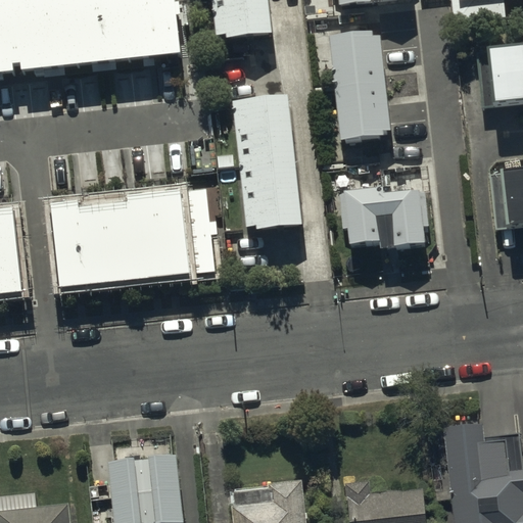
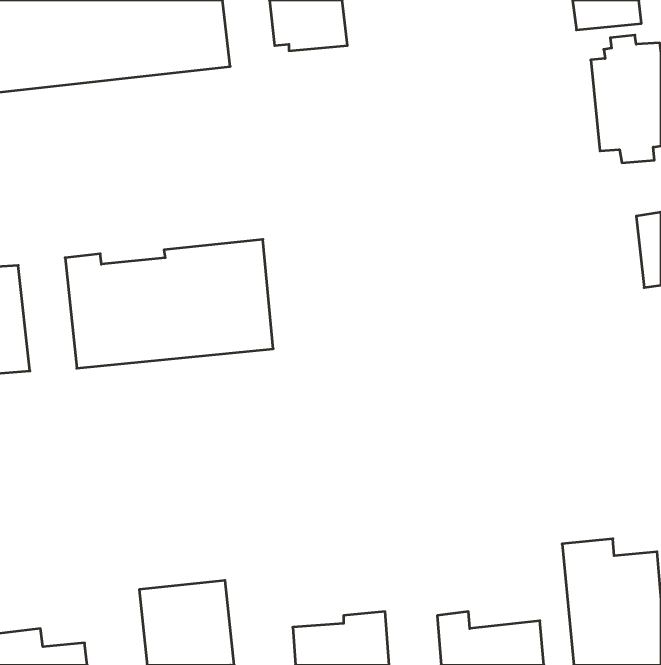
building: [329,31,391,140] -> none
building: [233,95,301,232] -> none
building: [343,185,426,249] -> none

